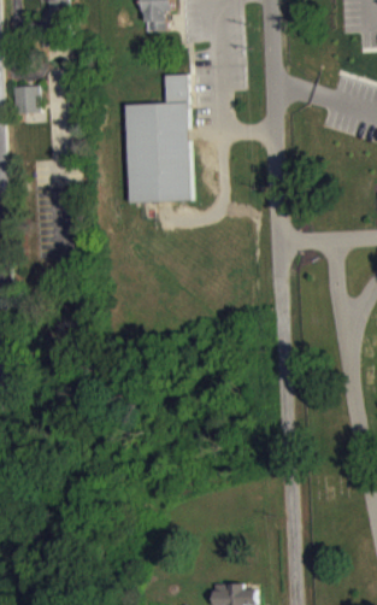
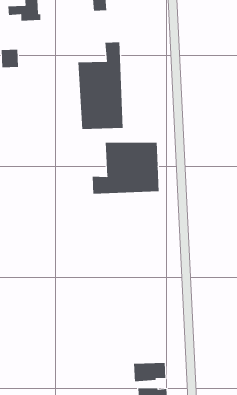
building: none -> [92,142,159,195]
building: none -> [134,362,166,382]

